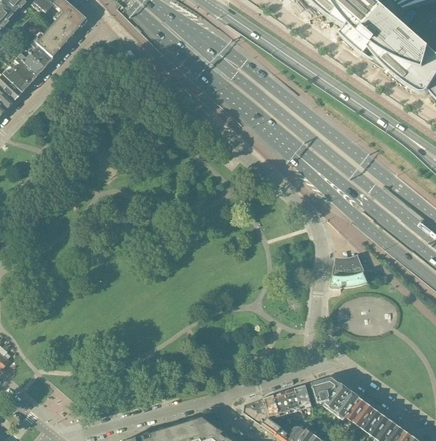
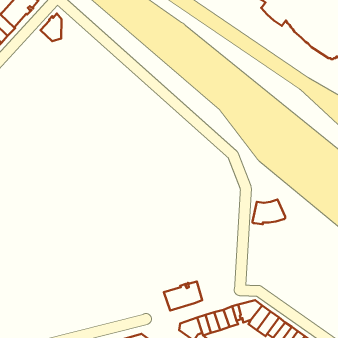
building: none -> [40,14,62,41]
building: none -> [164,281,202,310]

